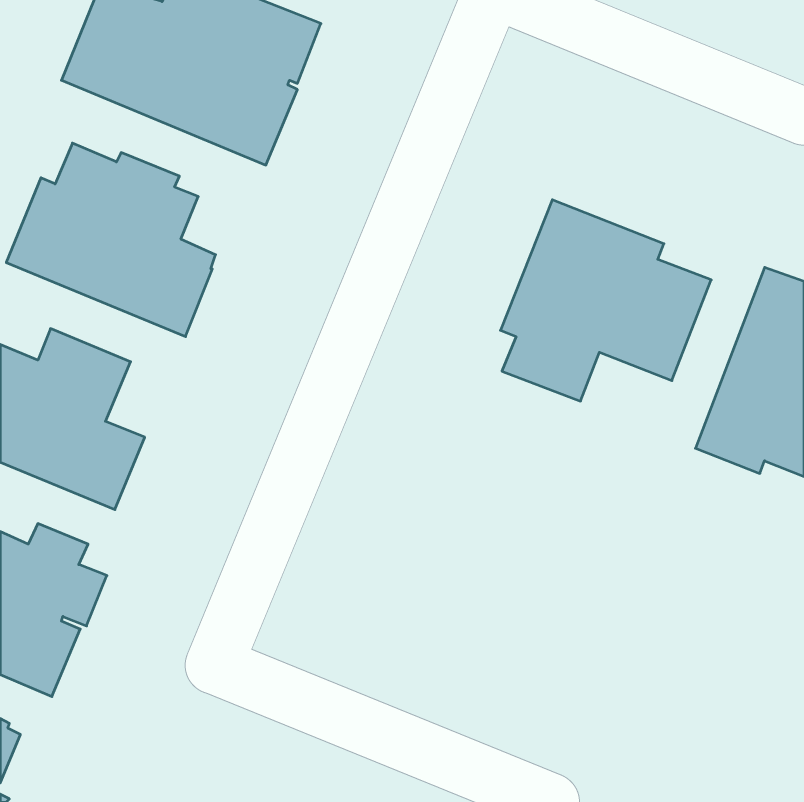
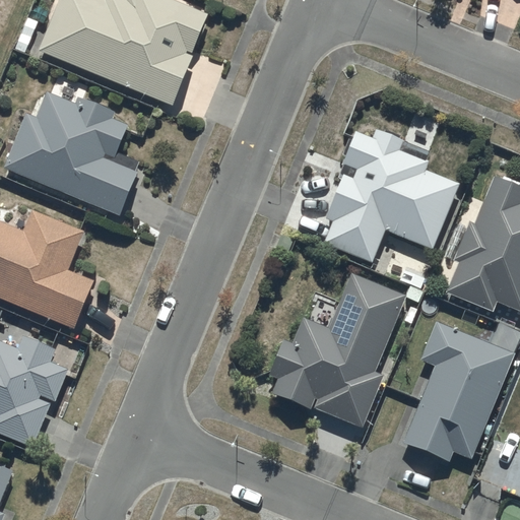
building: none -> [273,271,409,420]
building: none -> [406,320,513,457]

